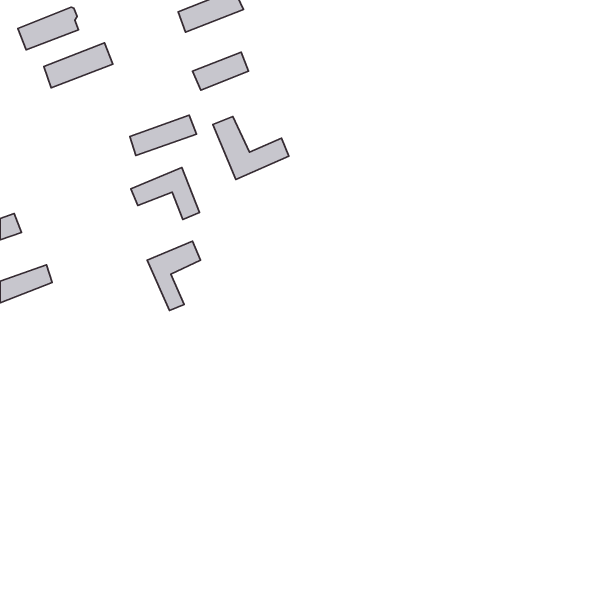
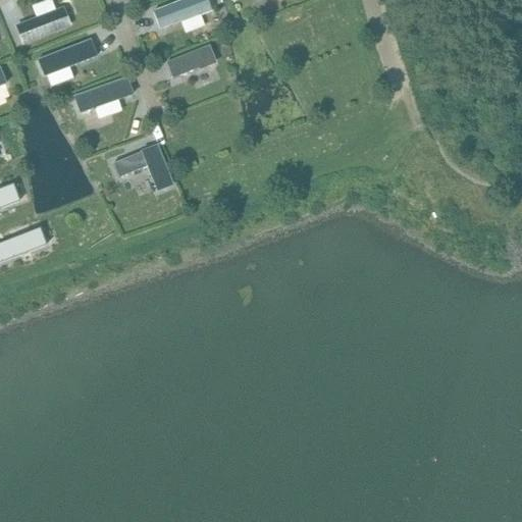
building: [130,115,196,155] -> [75,76,133,111]
building: [213,116,289,179] -> none
building: [147,241,200,310] -> none

